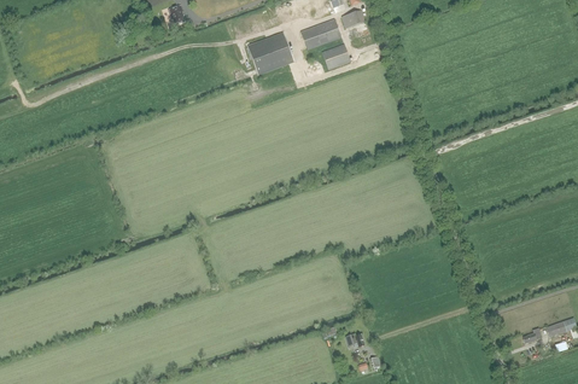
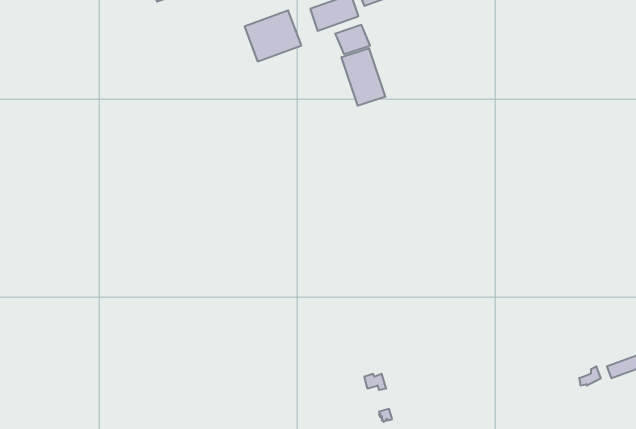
building: none -> [342,48,385,106]

